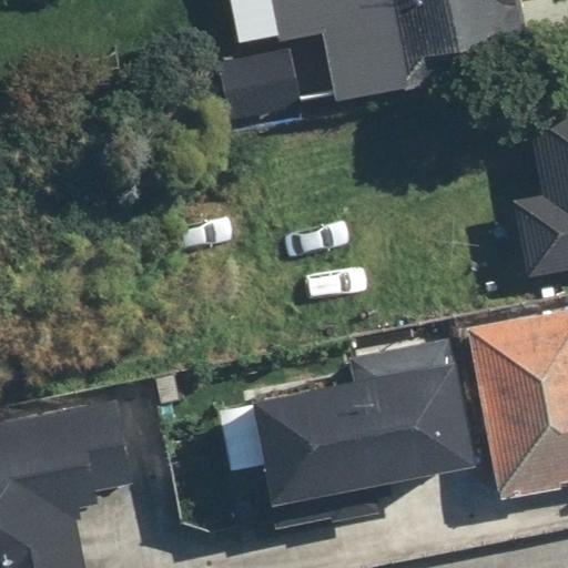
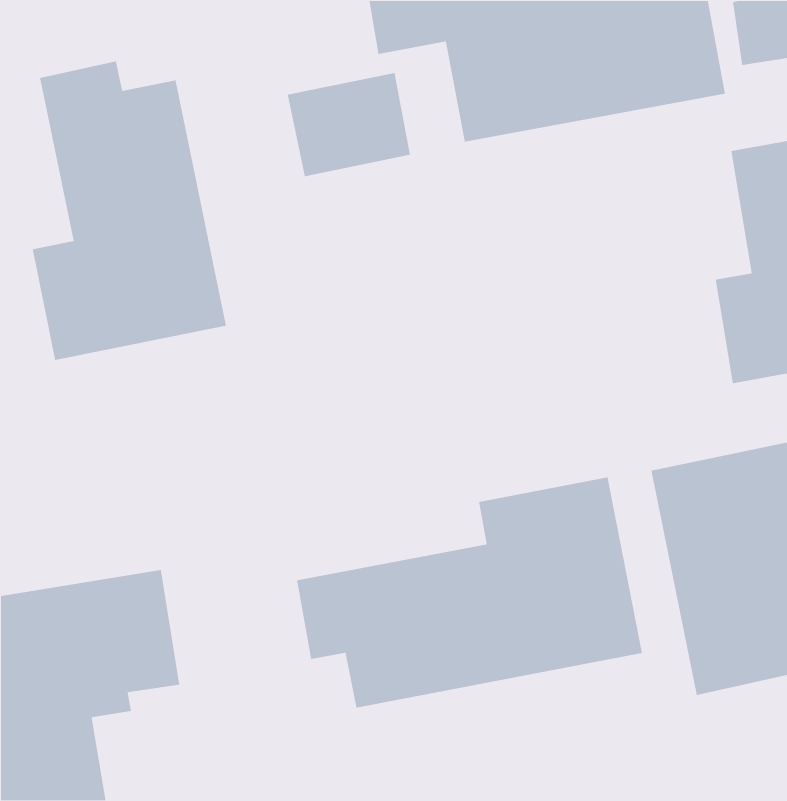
building: none -> [32,61,227,361]

